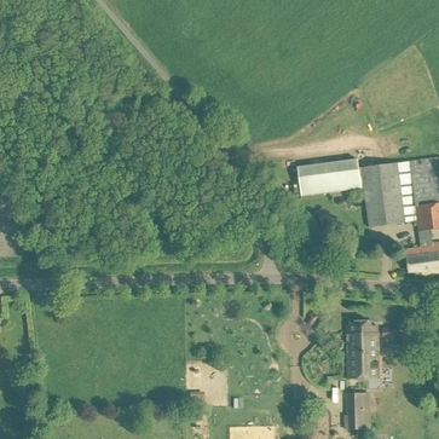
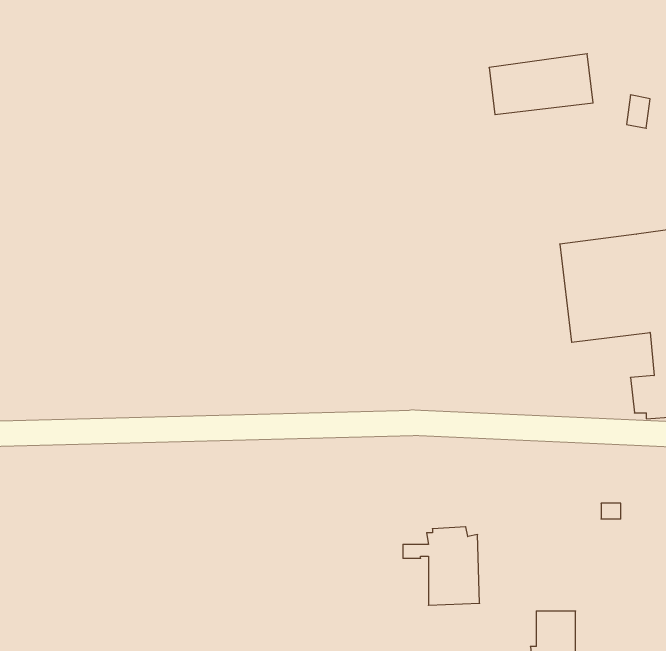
building: [296,158,360,196] -> [489,54,593,115]
building: [331,322,379,370] -> [403,527,480,605]

